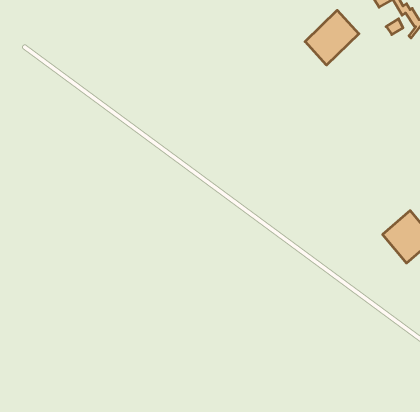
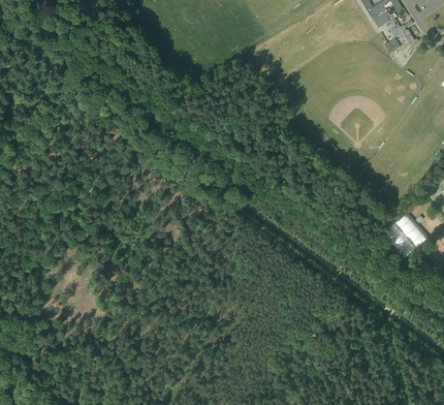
building: [305,10,359,65] -> none

